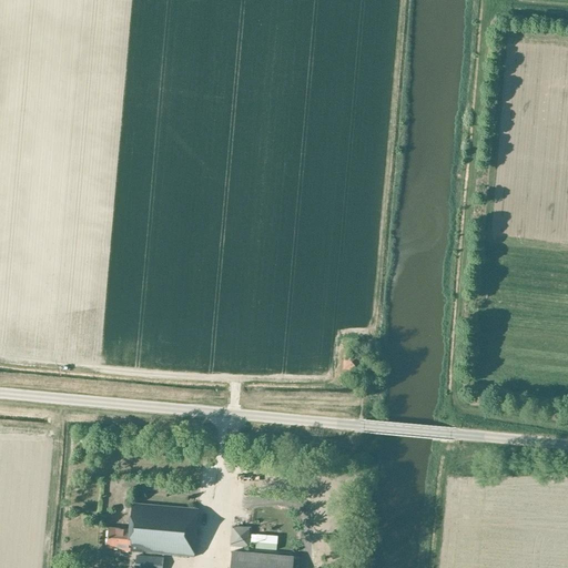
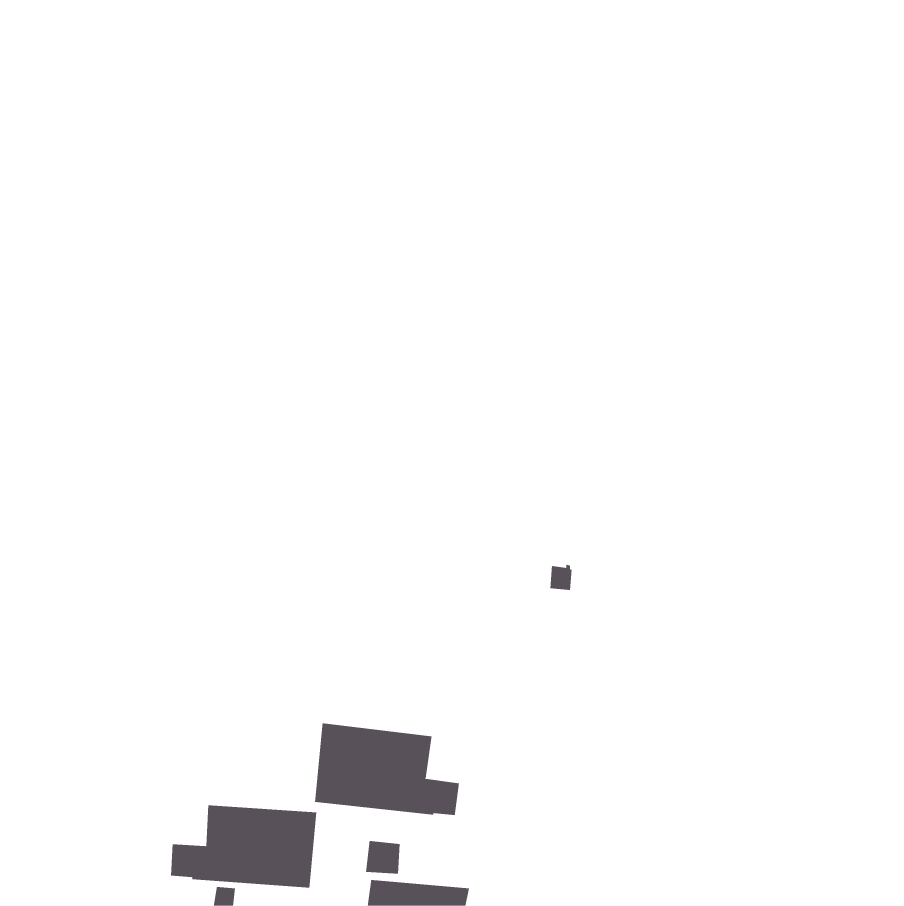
building: none -> [315,722,460,816]

